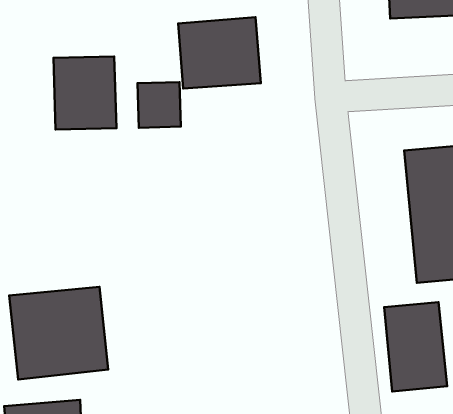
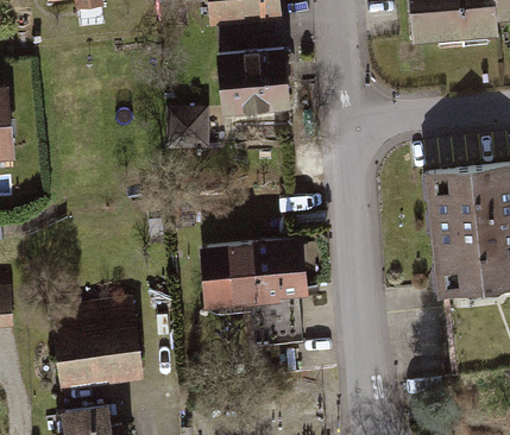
building: [53,57,116,130] -> none
building: none -> [199,238,307,307]
building: [384,302,447,392] -> none

